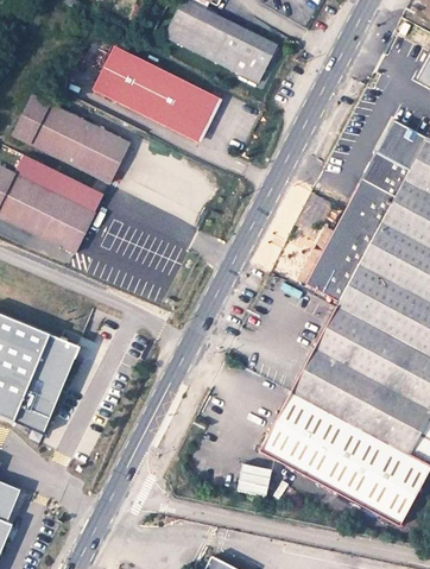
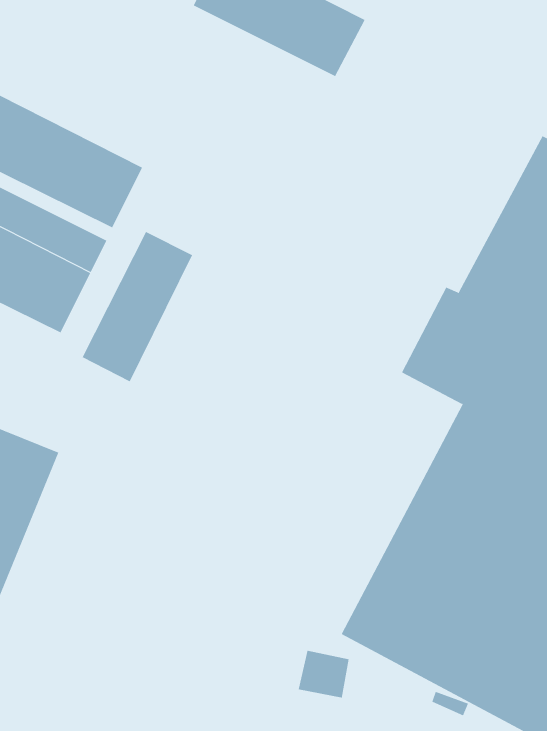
building: [97,48,220,140] -> none
building: none -> [82,231,193,382]

